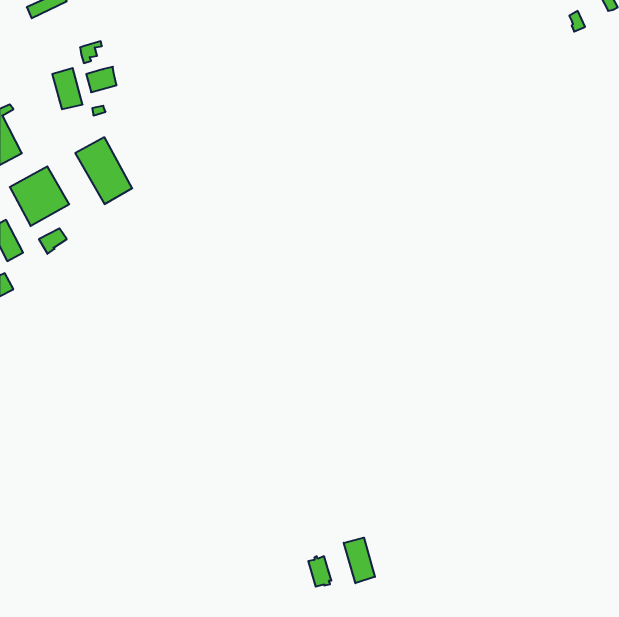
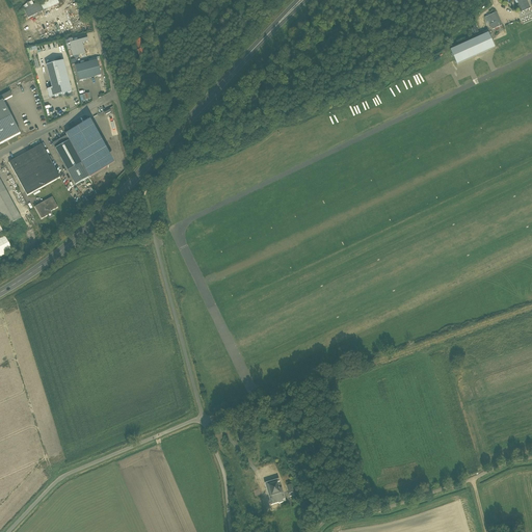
building: none -> [449,30,494,61]
building: none -> [52,134,88,182]
building: [344,538,375,583] -> none

